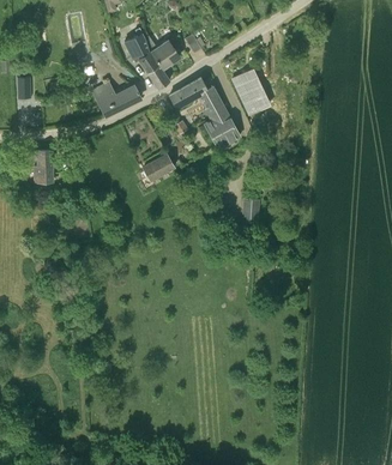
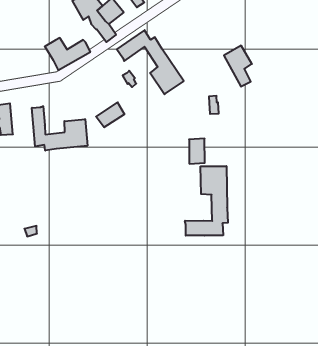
building: [229,70,259,114] -> [224,46,252,87]
building: none -> [32,106,87,151]
building: none -> [185,166,228,236]

